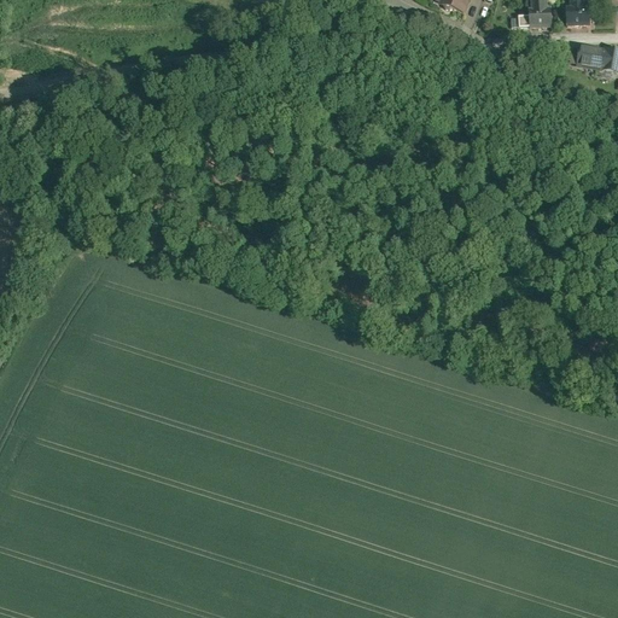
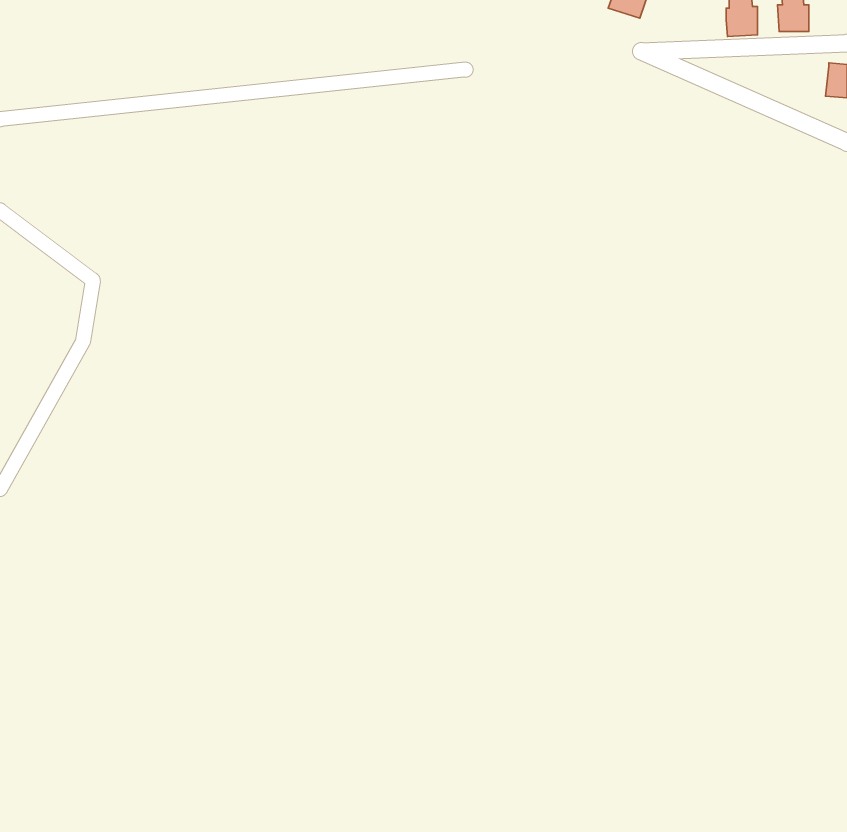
building: [576,45,604,70] -> none

